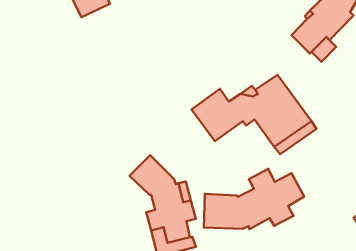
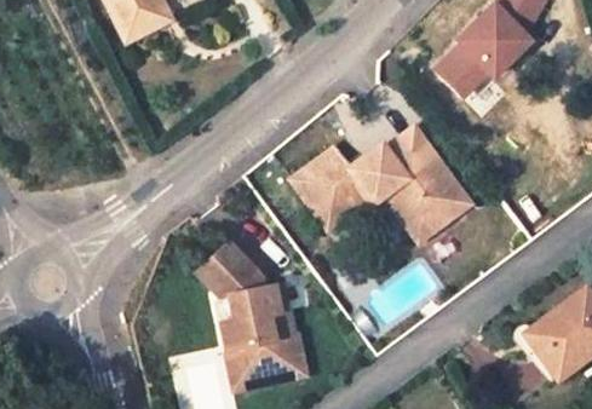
building: [204,169,304,229] -> none

